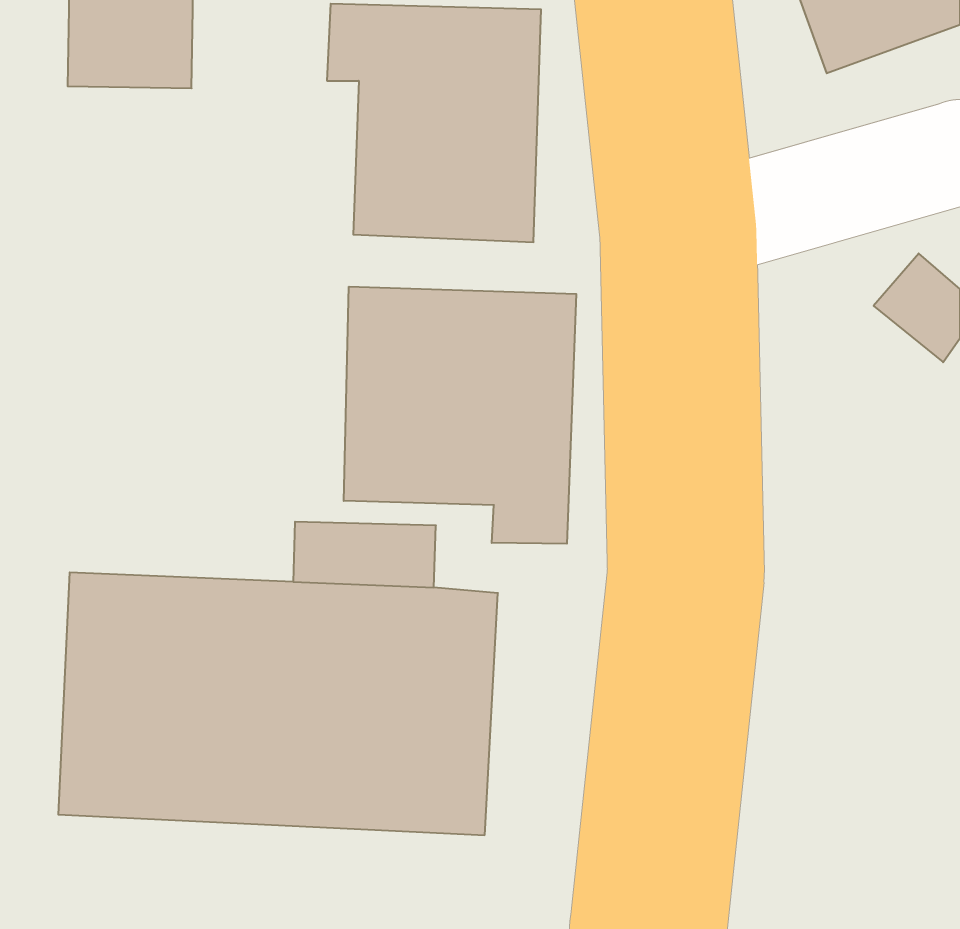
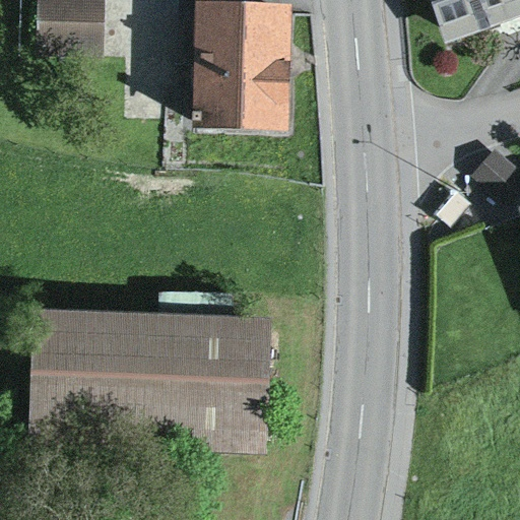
building: [344,287,576,544] -> none

